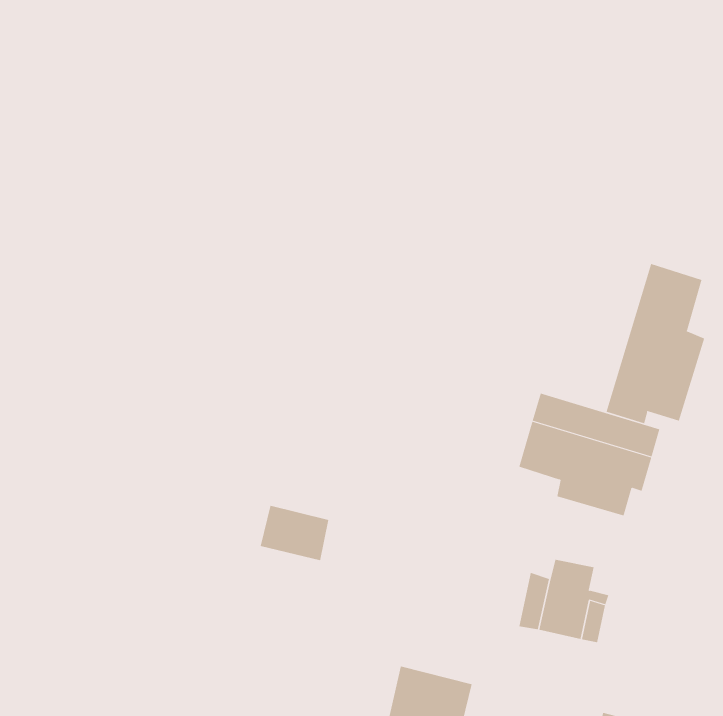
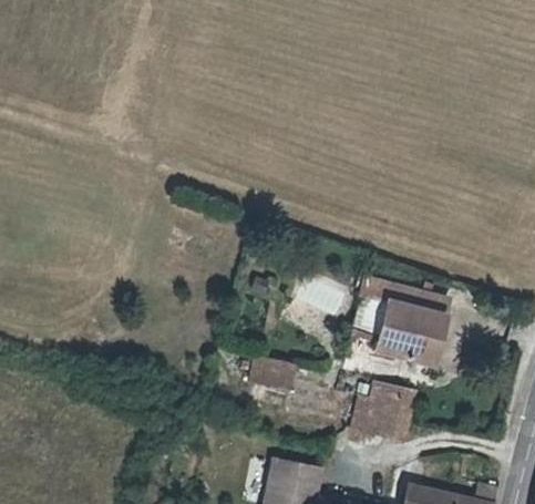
building: [606,263,705,424] -> none
building: [260,505,329,561] -> [251,356,298,393]

